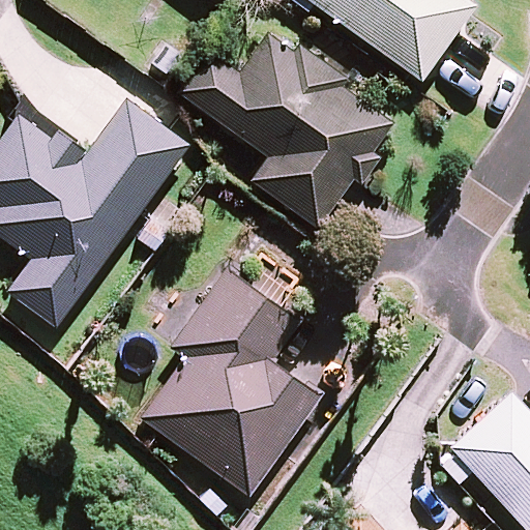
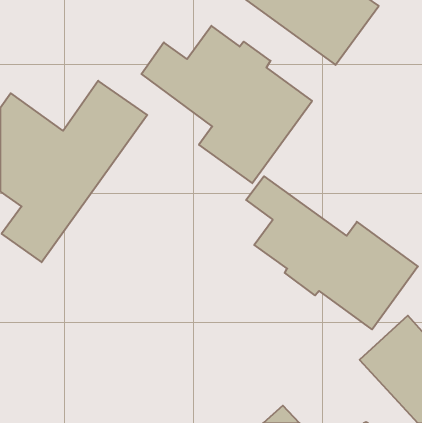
building: none -> [246,176,418,329]
building: [142,270,317,493] -> none

